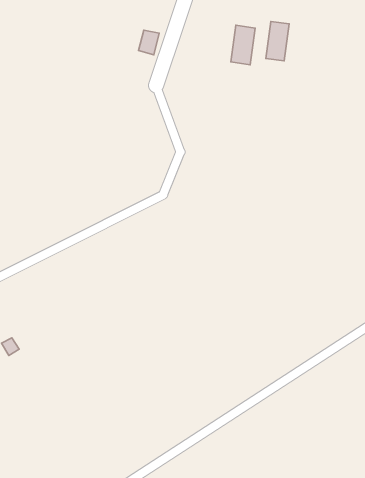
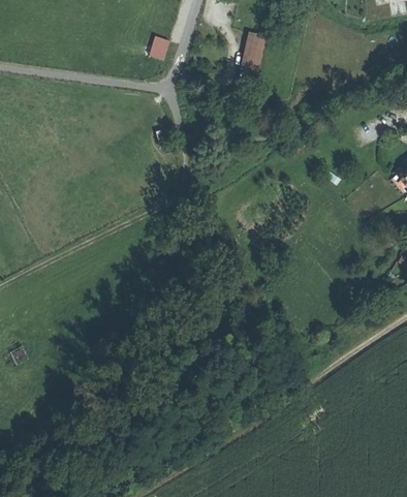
building: [266,22,289,61] -> none

